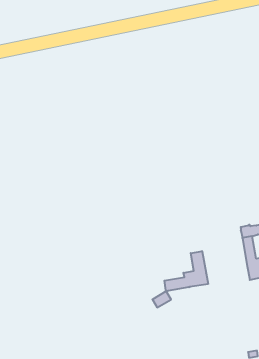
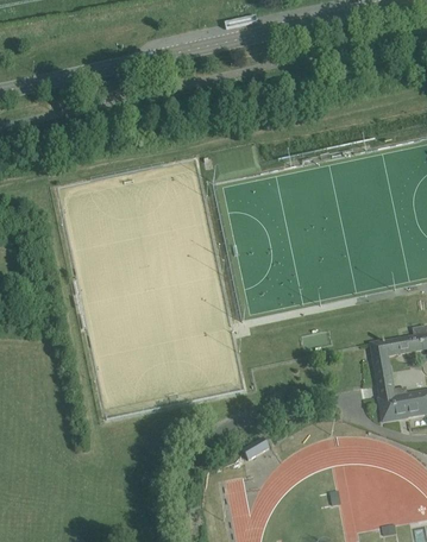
building: [164,251,208,291] -> none

